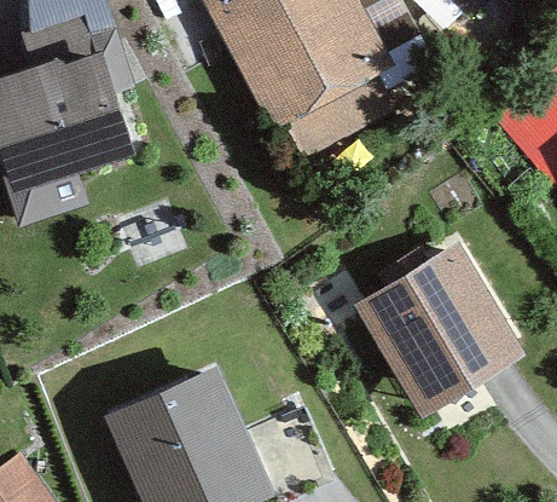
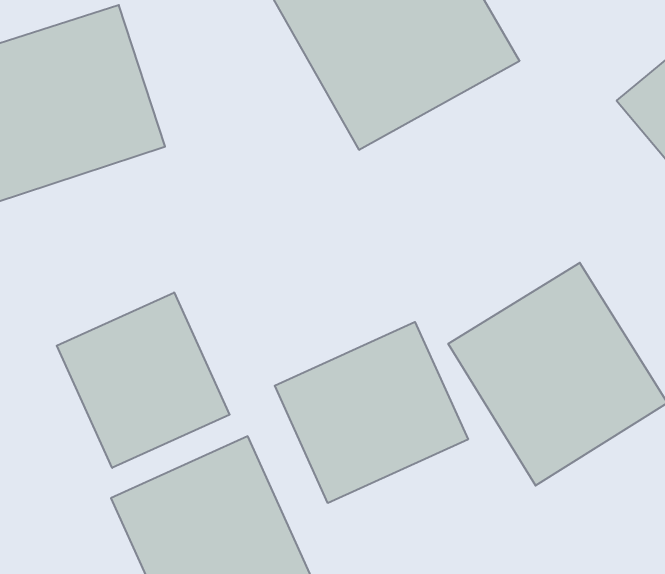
building: none -> [57,292,230,468]
building: none -> [275,322,468,503]

